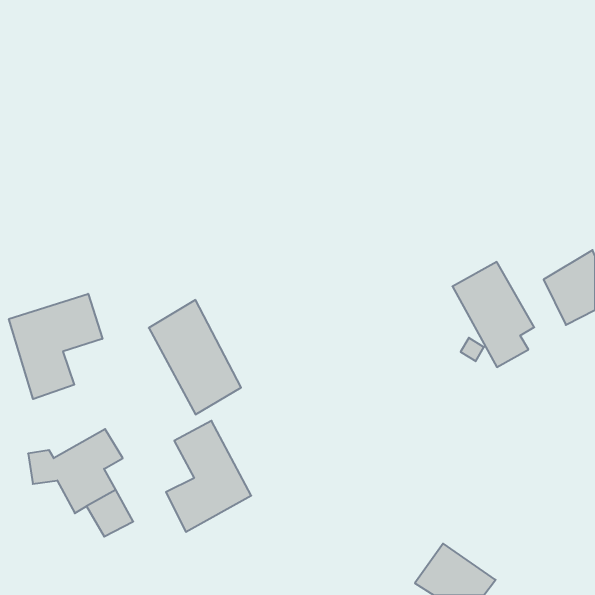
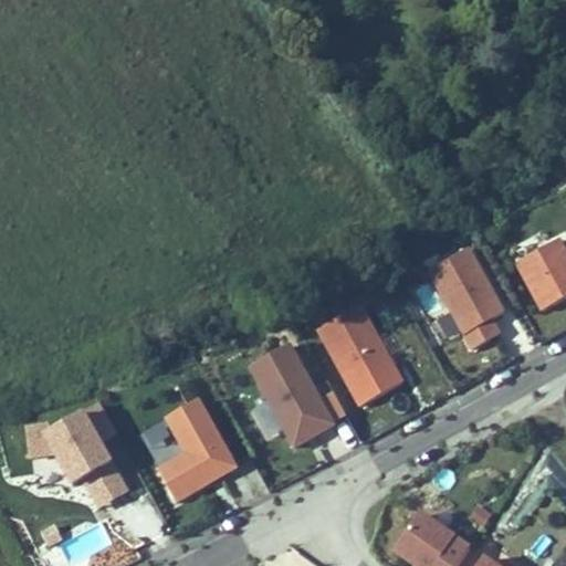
building: [9,294,102,399] -> none
building: [149,300,241,414] -> [248,340,335,449]
building: none -> [317,303,406,406]

